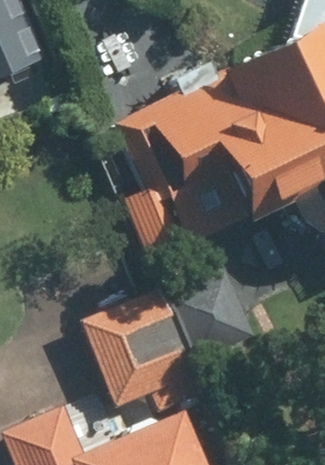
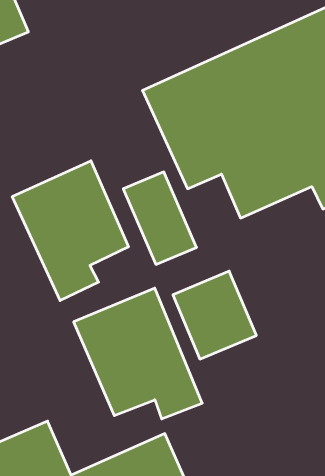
building: none -> [12,161,128,301]

